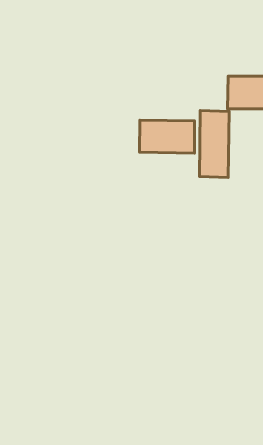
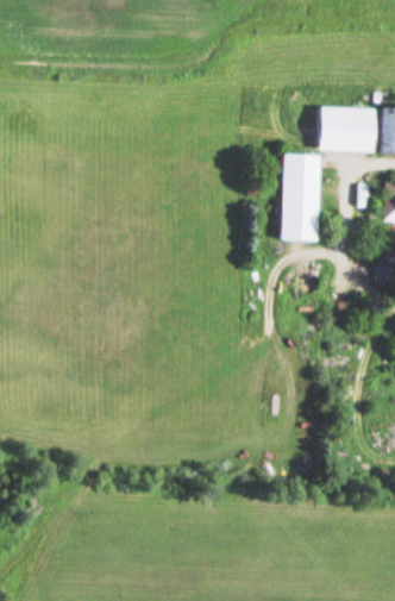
building: [140,120,195,153] -> none

